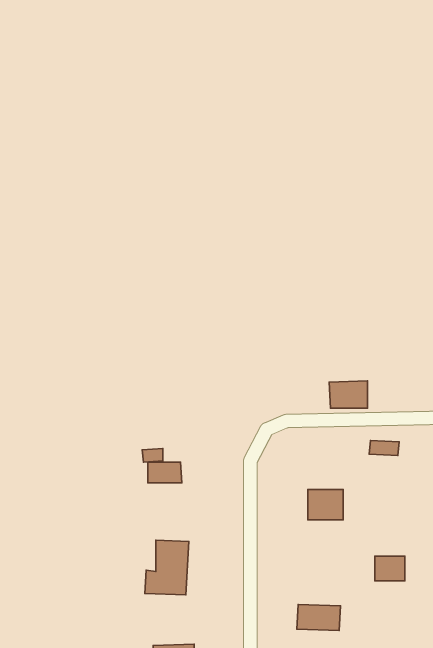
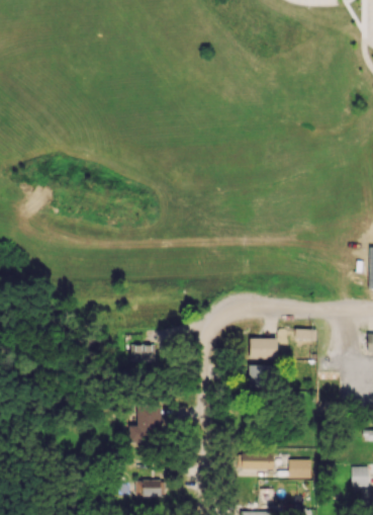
building: [329,381,367,408] -> [250,339,278,359]
building: [375,556,405,581] -> [289,460,311,479]

